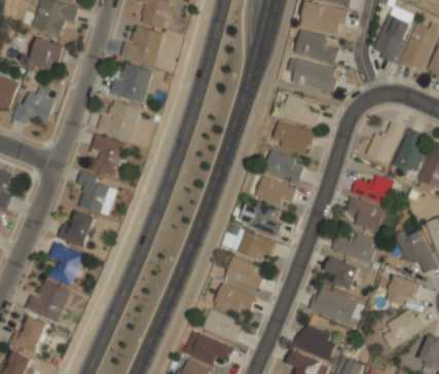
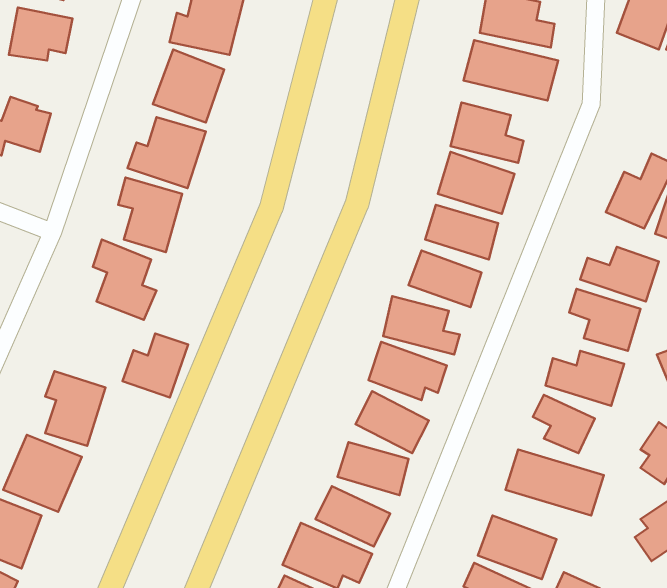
building: [58,211,95,247] -> [122,334,188,398]

